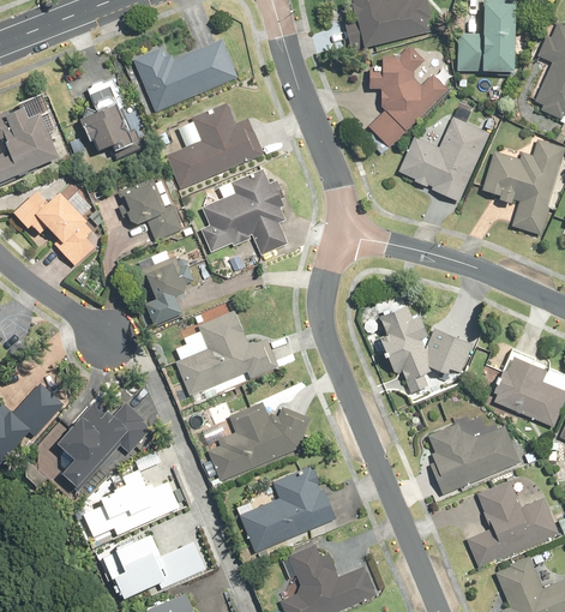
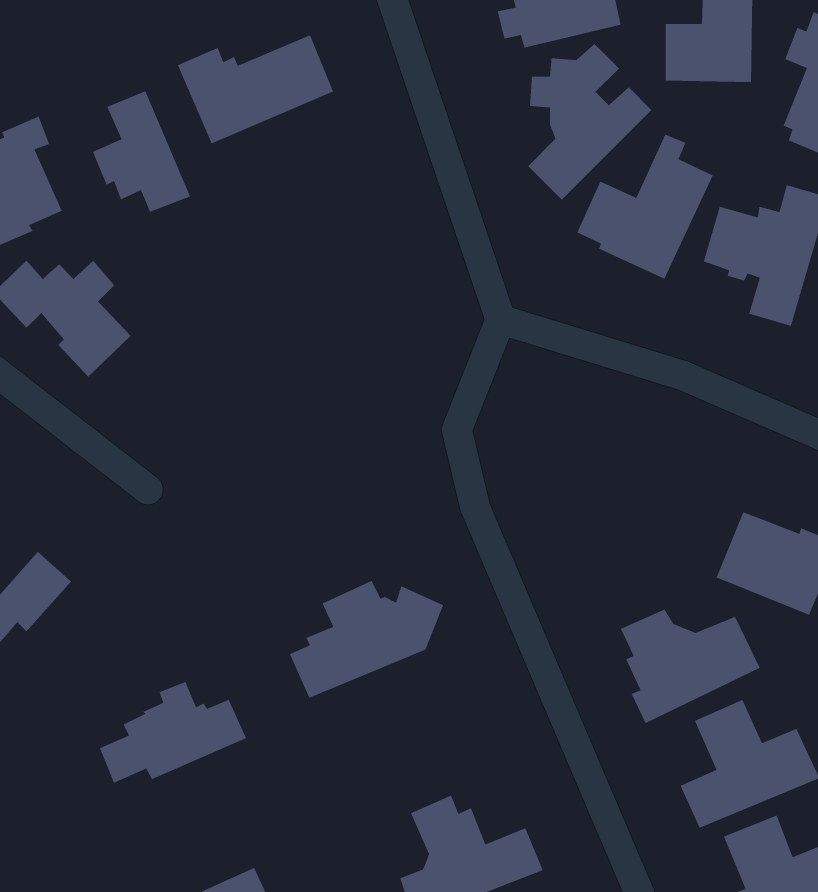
building: [166,102,264,188] -> none
building: [200,168,288,254] -> none
building: [118,176,184,240] -> none
building: [138,250,188,328] -> none
building: [379,304,474,403] -> none
building: [175,310,280,395] -> none
building: [54,400,152,491] -> none
building: [239,464,335,552] -> none
building: [100,533,205,599] -> none

